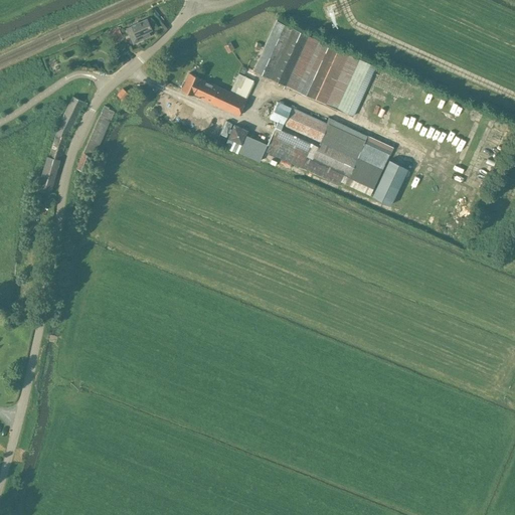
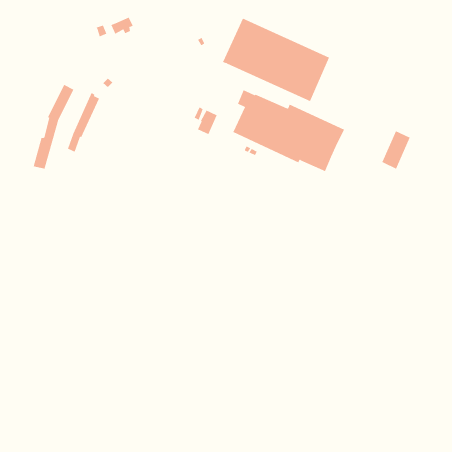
building: [181,66,258,117] -> none
building: [238,136,267,163] -> none
building: [373,161,406,205] -> [381,130,411,169]

